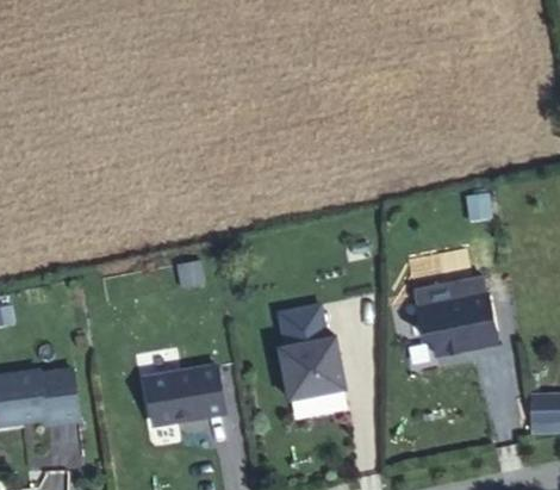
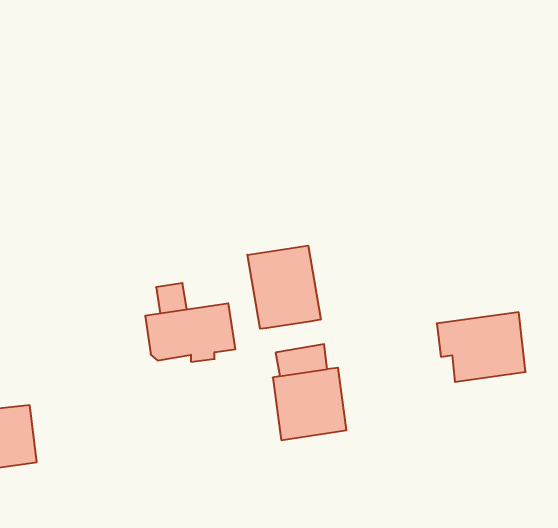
building: none -> [247,246,321,329]
building: [144,367,222,417] -> [145,303,235,362]

